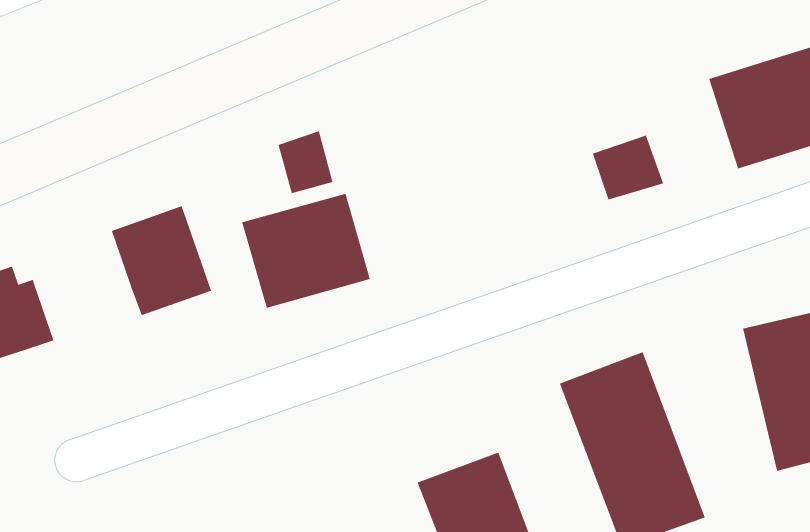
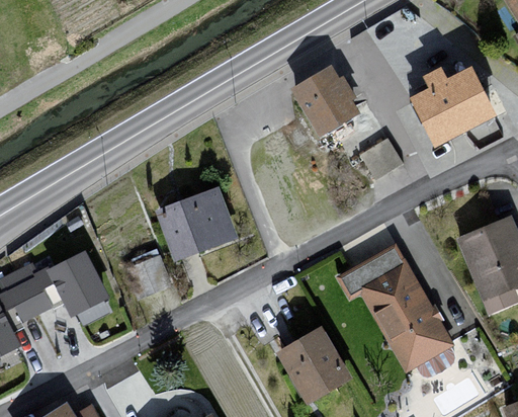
building: none -> [294,65,362,136]
building: [277,130,334,194] -> none
building: [111,205,212,316] -> [42,246,106,314]

